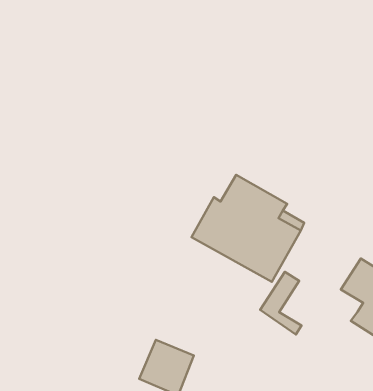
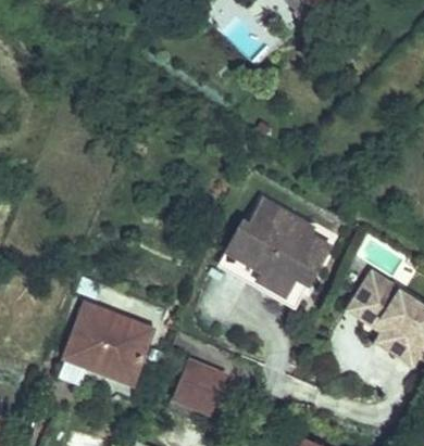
building: [260,272,302,334] -> [349,269,389,330]
building: none -> [54,304,151,384]

